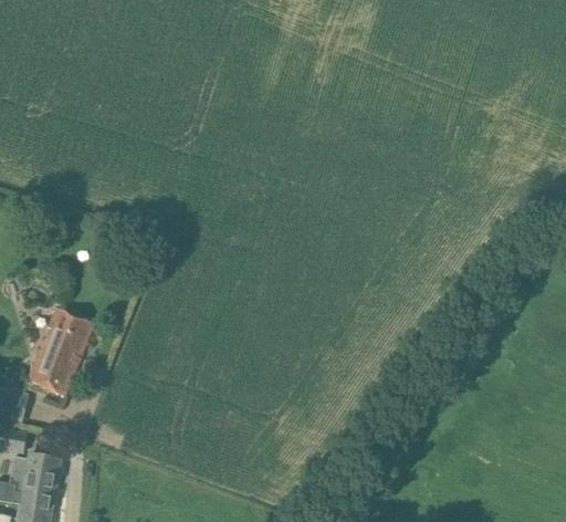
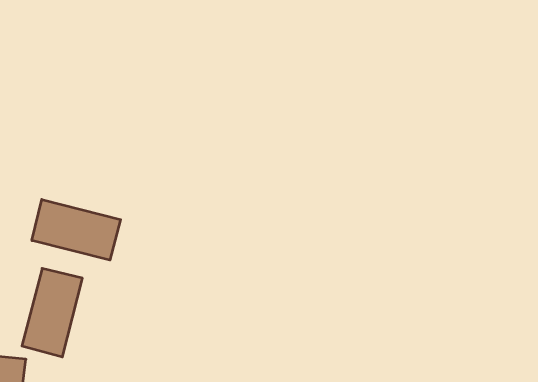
building: none -> [32,199,121,260]

